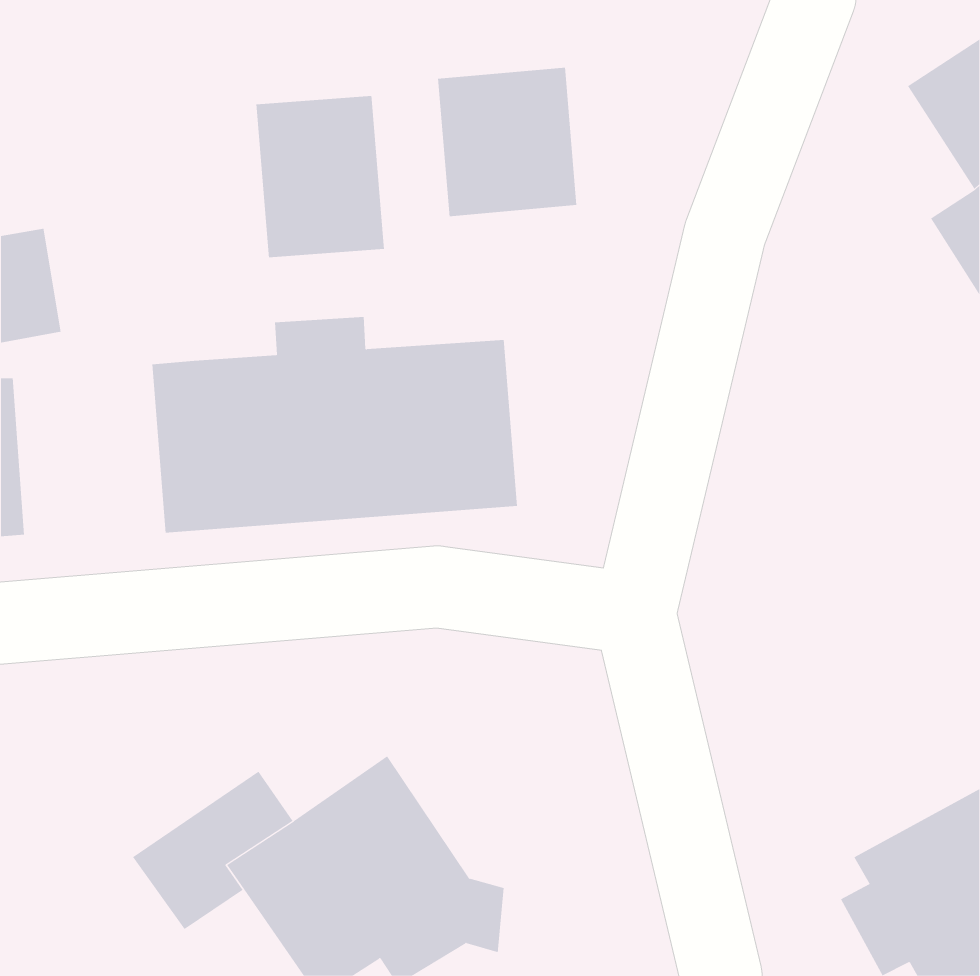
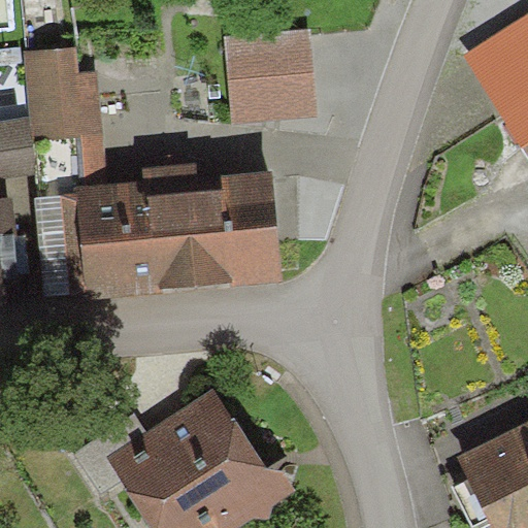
building: [256,95,385,258] -> none
building: none -> [28,53,104,291]

